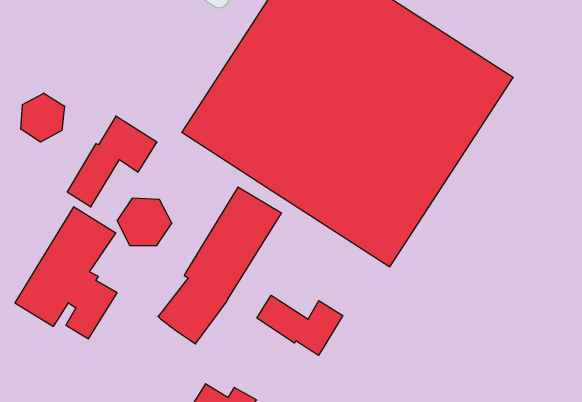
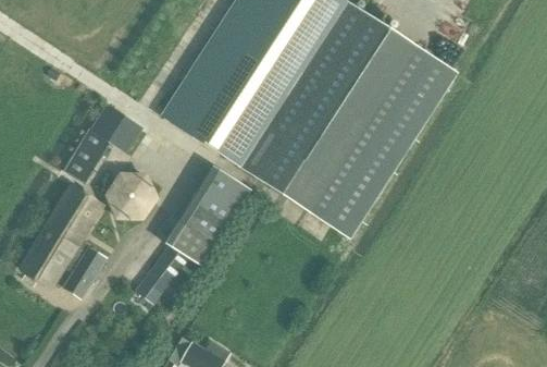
building: [21,93,65,142] -> none
building: [257,295,343,355] -> none

